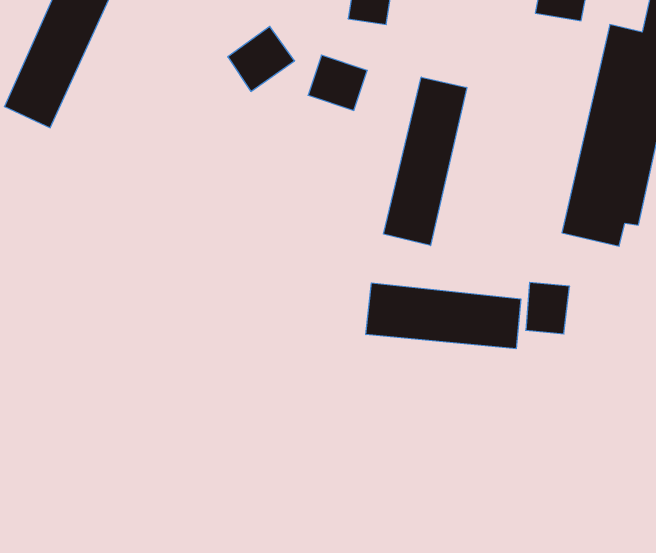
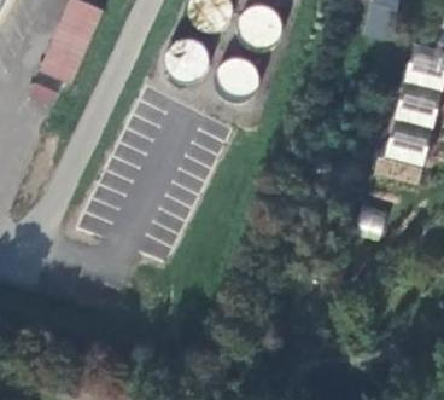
building: [384,77,467,246] -> none
building: [366,283,521,349] -> none

